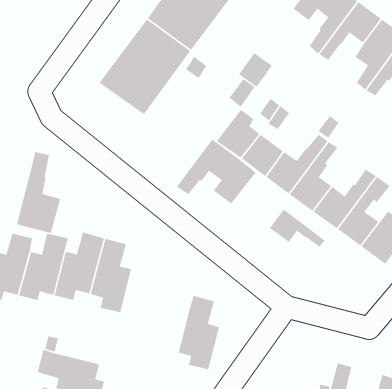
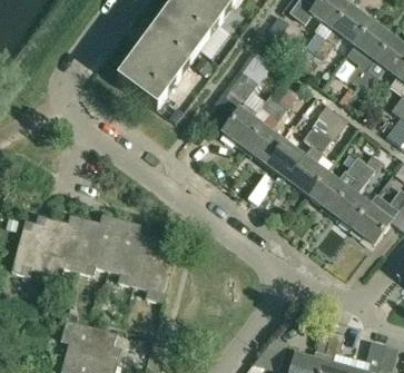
building: [176,138,256,204] -> none
building: [16,151,61,234] -> none
building: [269,209,326,248] -> none
building: [178,295,220,370] -> [135,233,173,301]

